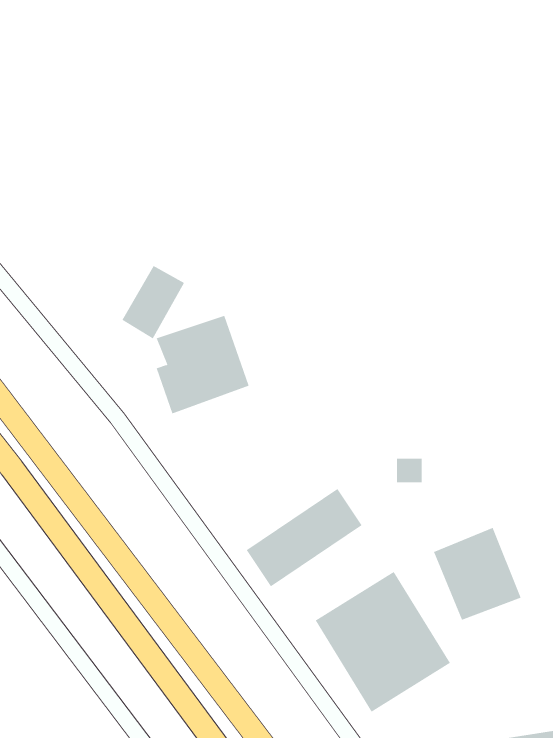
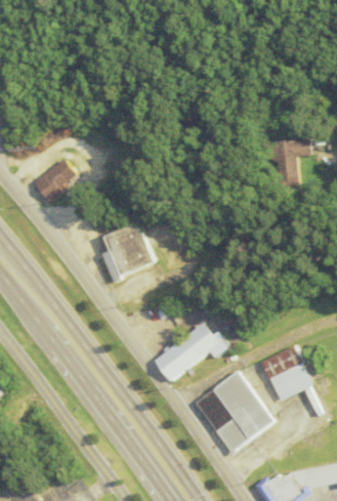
building: none -> [268,140,313,185]
building: [121,265,185,339] -> [34,159,71,202]

